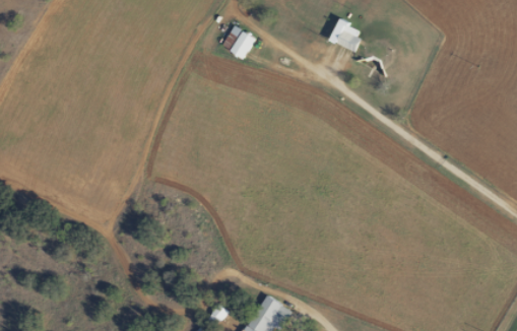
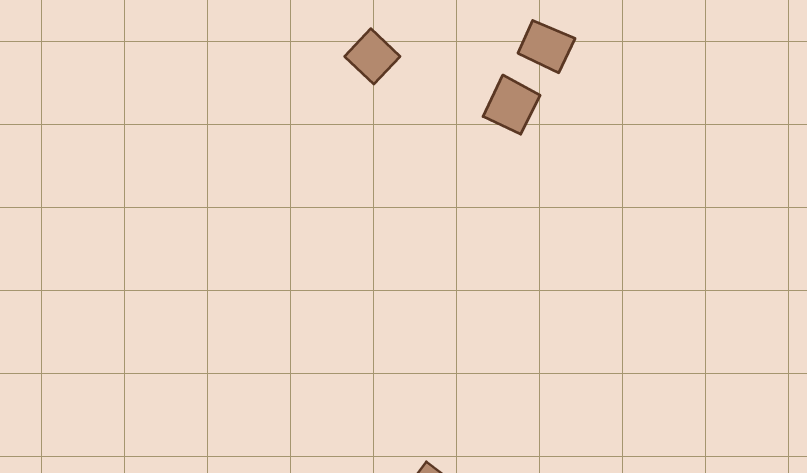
building: none -> [483,75,540,134]

